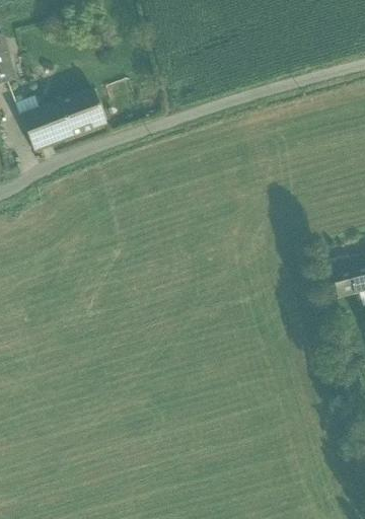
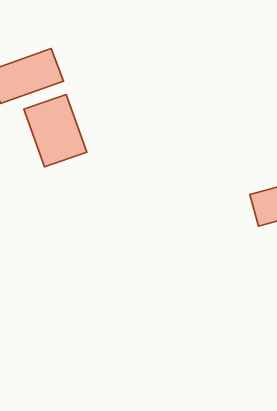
building: none -> [24,94,87,167]

